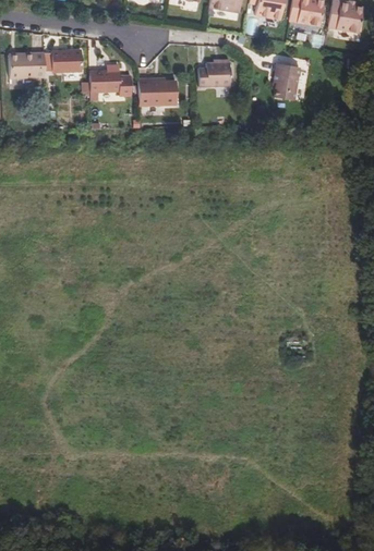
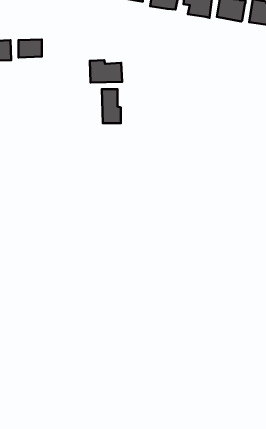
building: [272,60,299,96] -> none
building: [198,63,231,86] -> none
building: [89,70,121,93] -> none
building: none -> [102,89,121,123]

